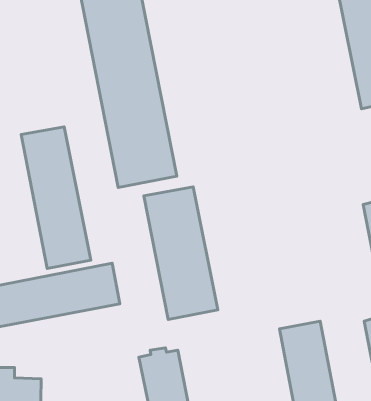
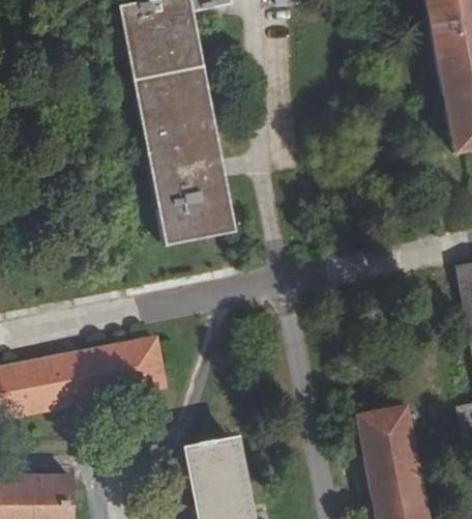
building: [21,127,91,269] -> none
building: [144,187,218,320] -> none

